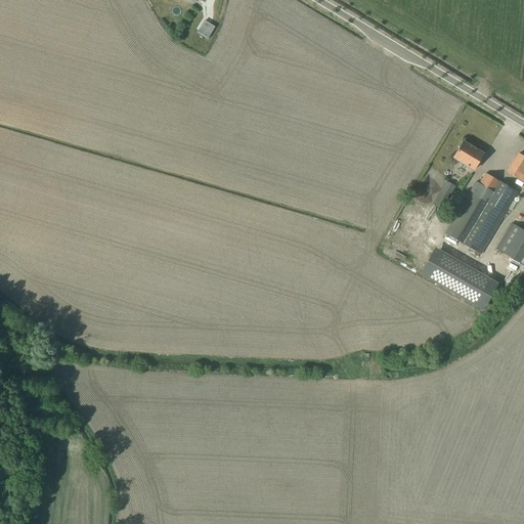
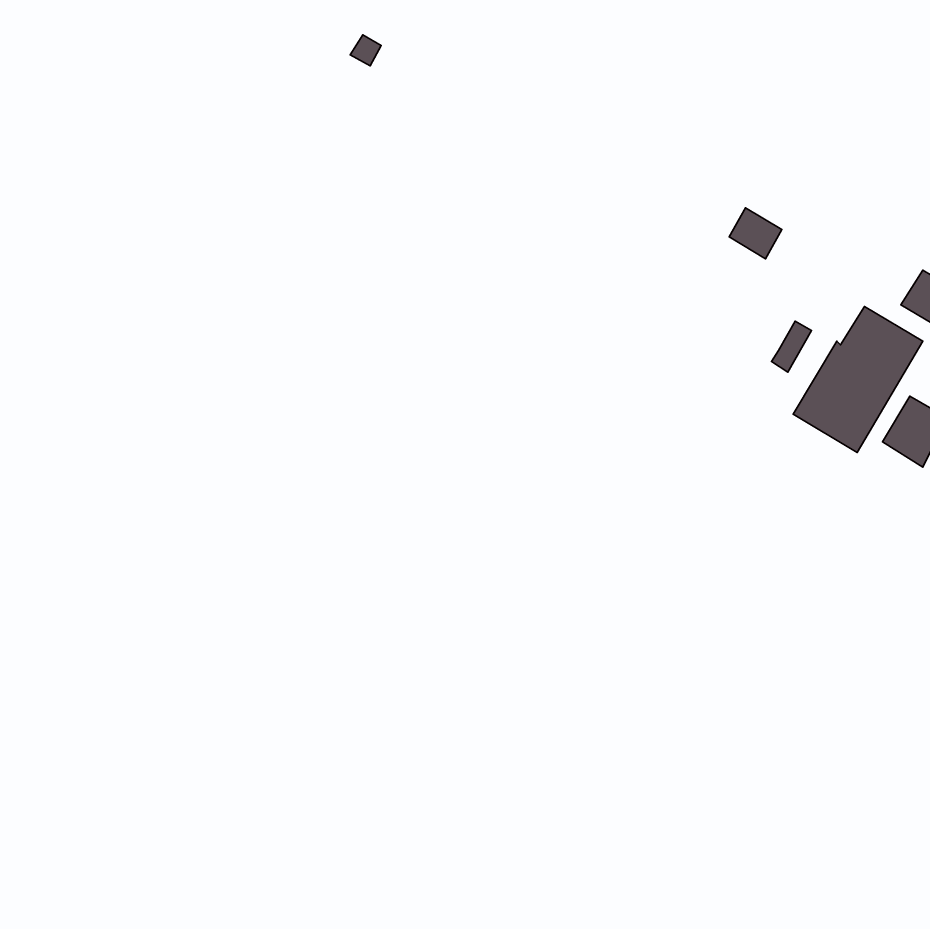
building: [454,140,484,169] -> [729,208,782,259]
building: [423,245,500,308] -> none

